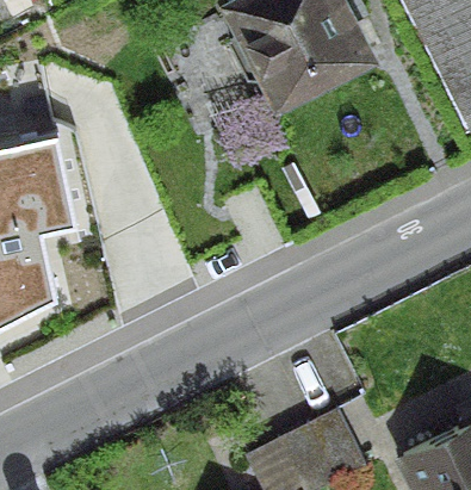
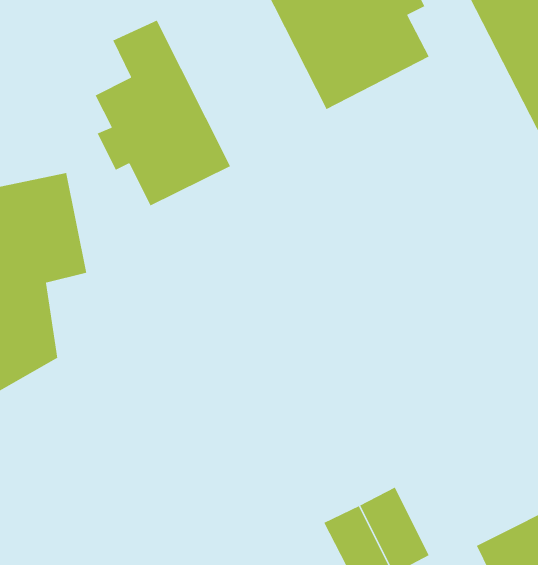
building: none -> [95,19,231,207]

